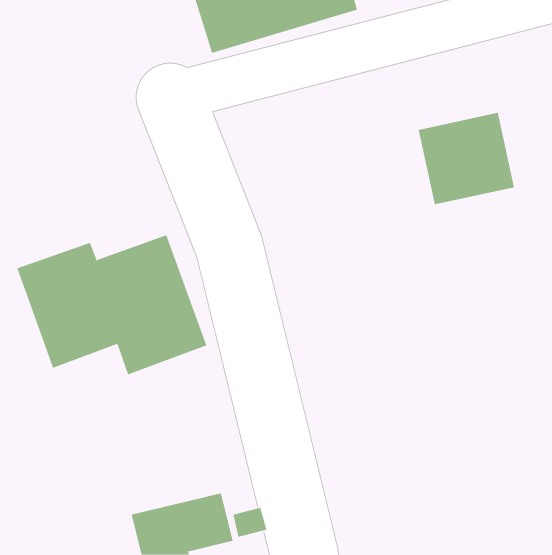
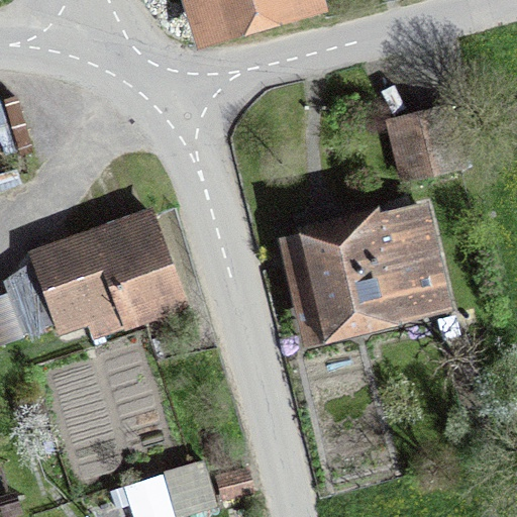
building: none -> [275,196,454,346]

